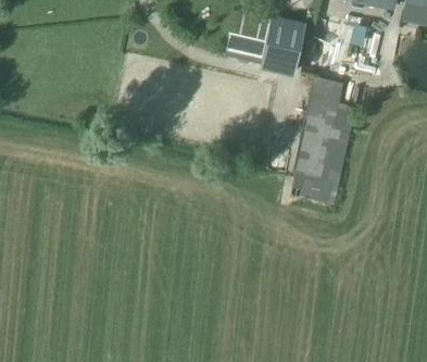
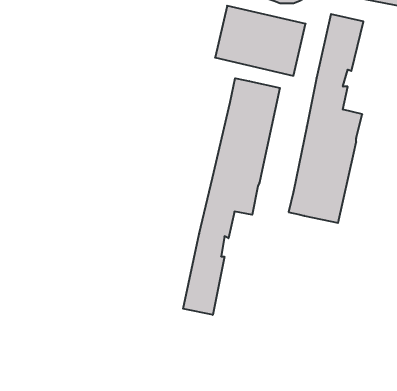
building: none -> [183,78,280,315]

